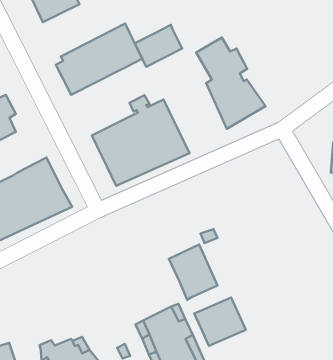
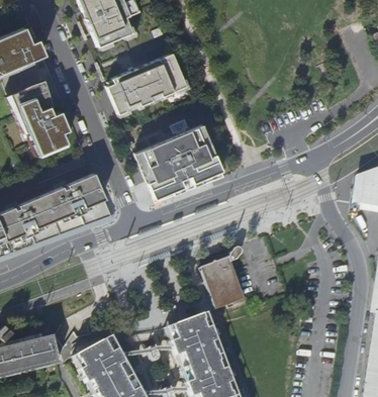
building: [135,25,182,67] -> none
building: [196,38,265,129] -> none
building: [194,297,246,346] -> none

